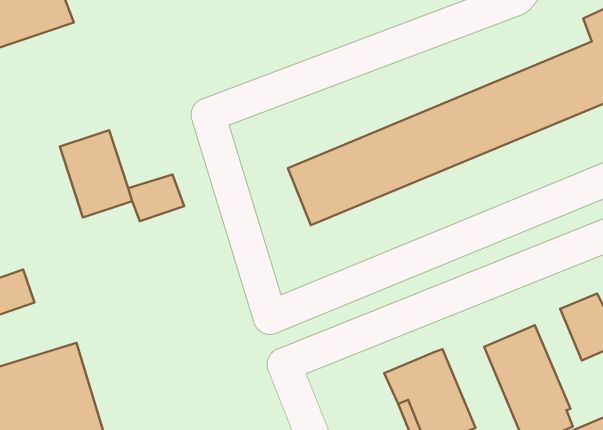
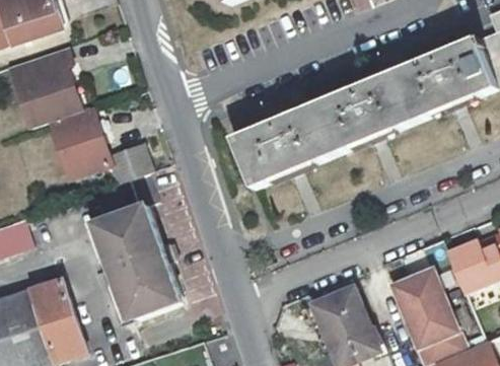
building: none -> [8,49,78,131]
building: none -> [95,178,183,323]

